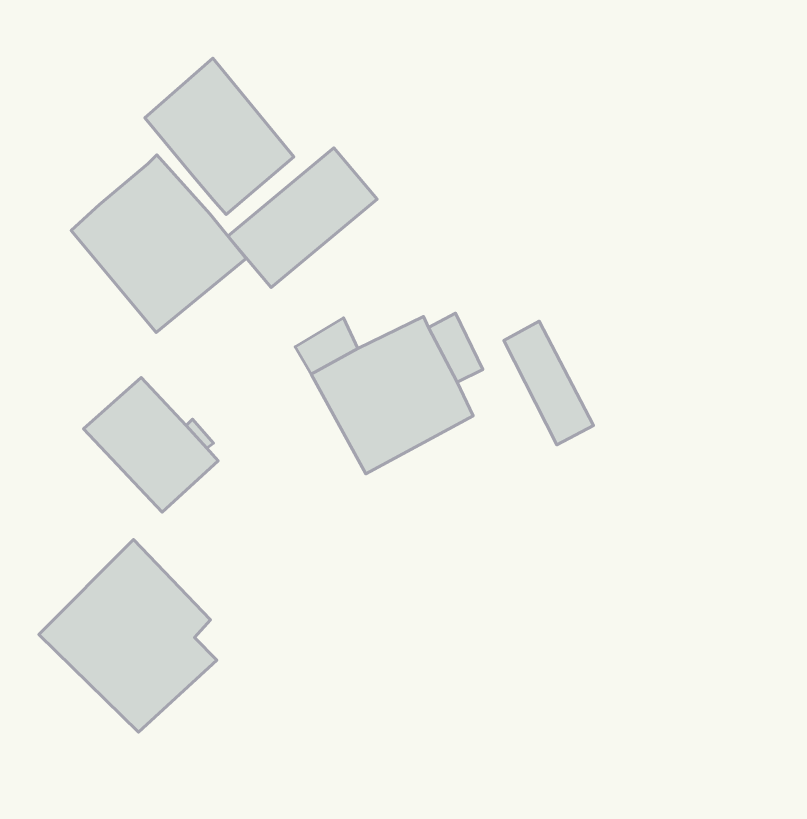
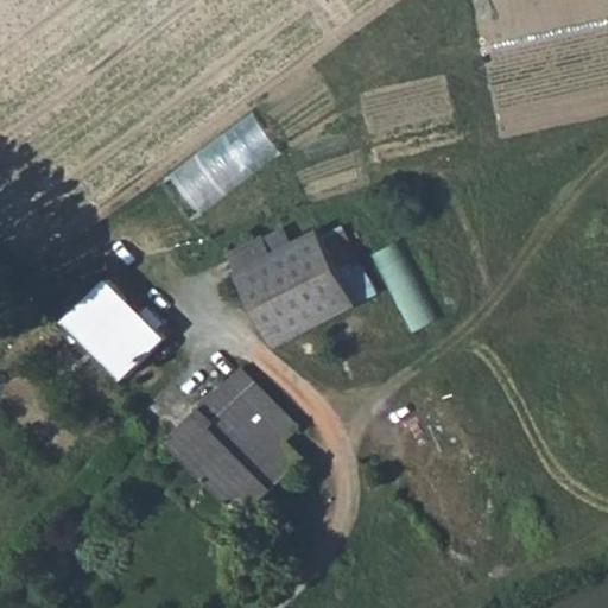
building: [145,58,294,214] -> none
building: [71,155,246,332] -> none
building: [39,540,217,732] -> [165,372,297,514]

